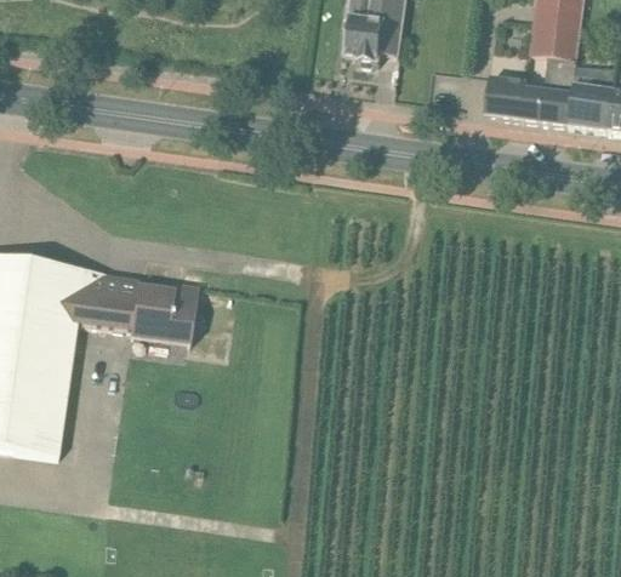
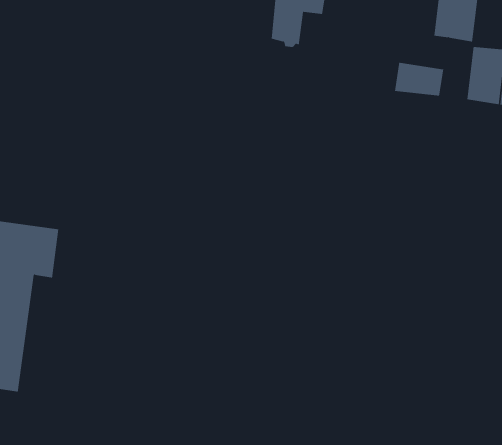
building: [539,53,576,124] -> none
building: [97,279,196,344] -> none

